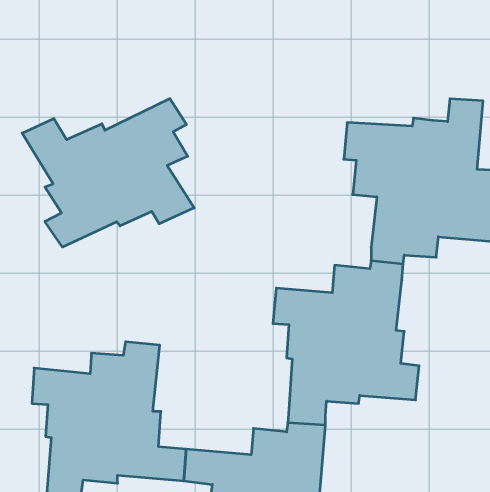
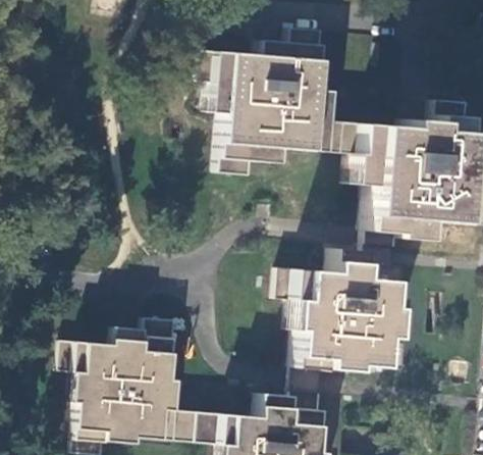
building: none -> [200,22,347,175]
building: [22,99,194,247] -> none

